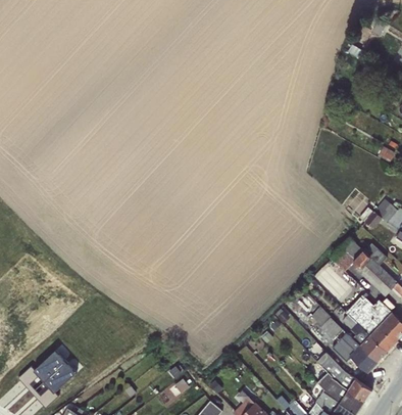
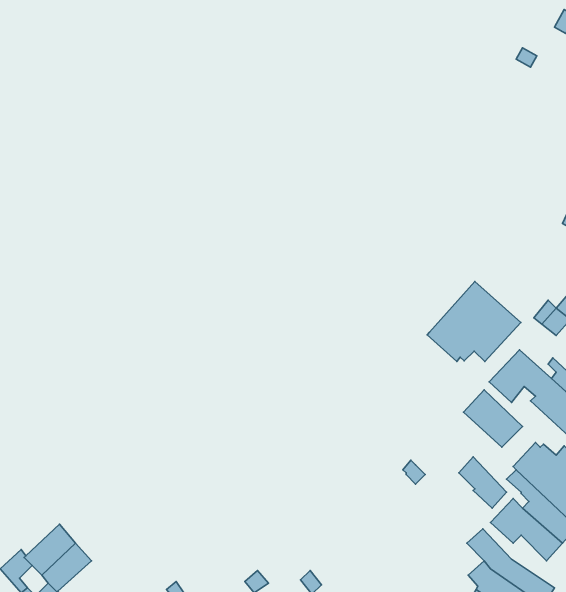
building: none -> [427,282,521,362]

